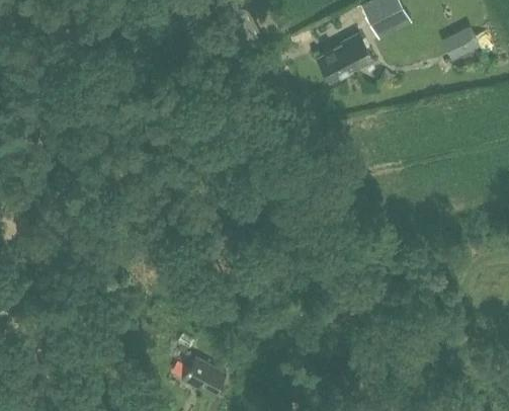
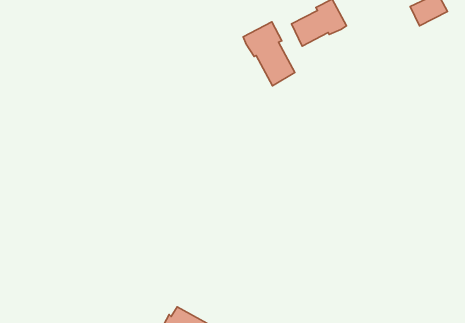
building: none -> [243,22,295,86]

